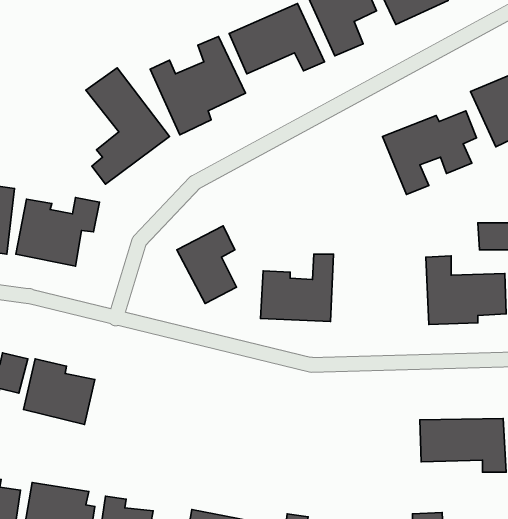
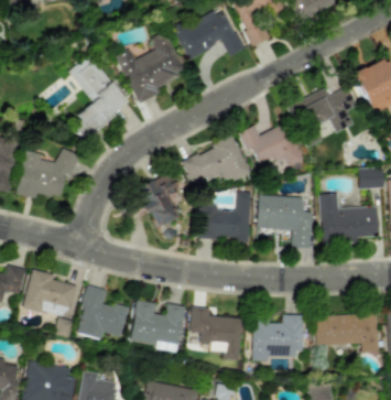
building: none -> [240,123,303,166]
building: none -> [183,137,251,188]
building: none -> [258,195,314,248]
building: none -> [77,284,129,338]
building: none -> [130,300,185,345]
building: none -> [191,306,242,360]
building: none -> [252,314,305,360]

